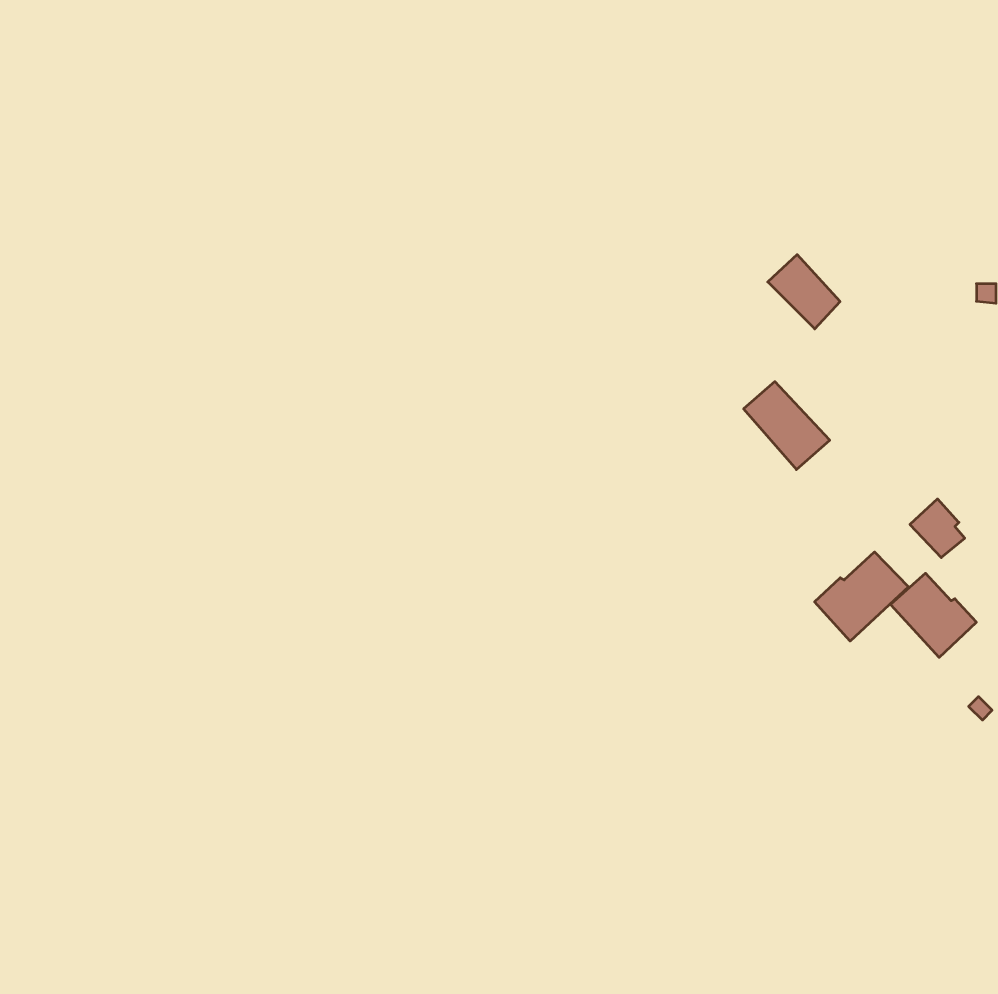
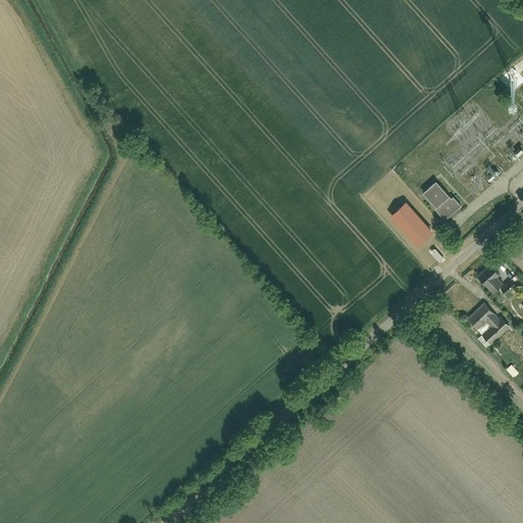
building: [768,255,840,329] -> [422,181,460,220]
building: [815,552,909,641] -> none

